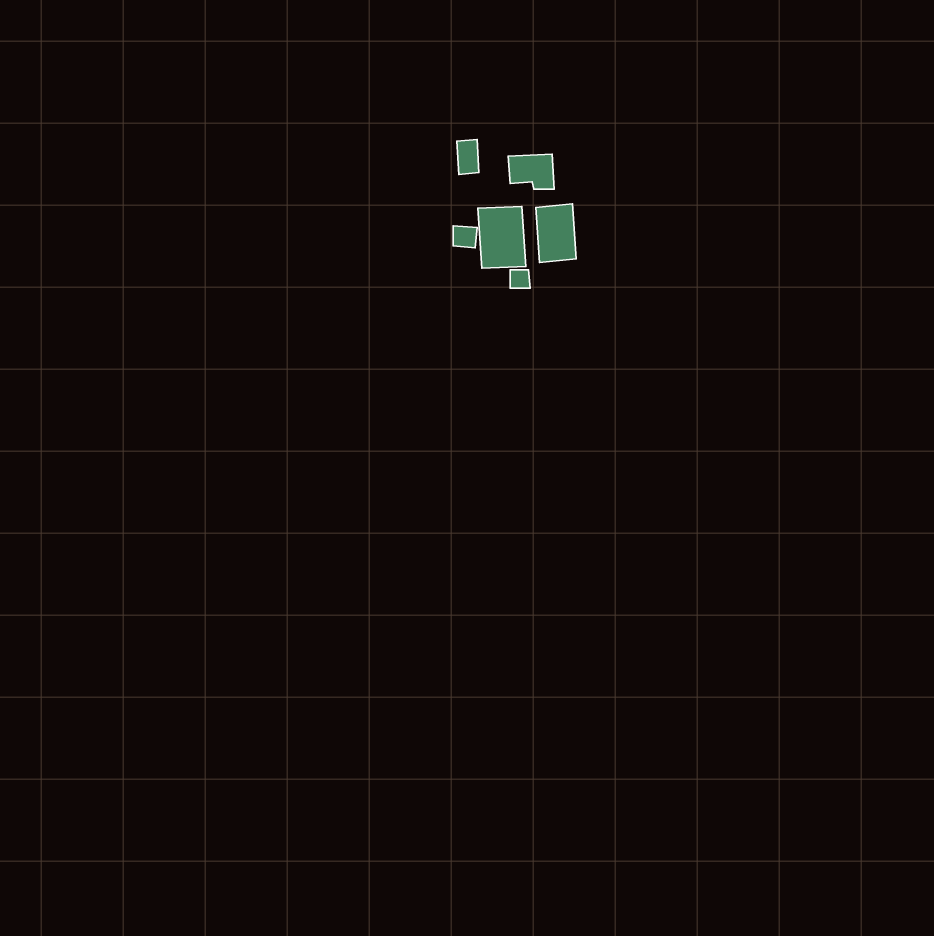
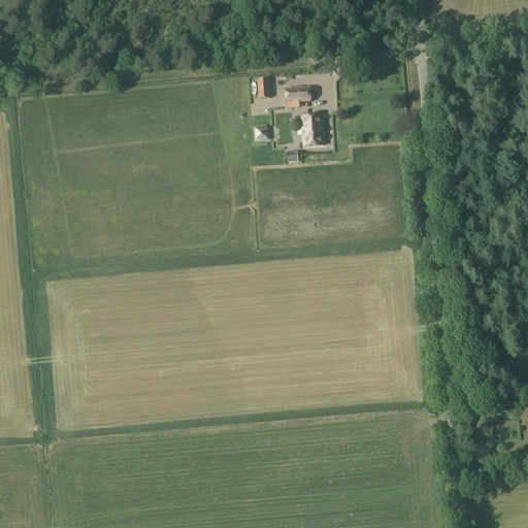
building: [478,207,526,268] -> none

